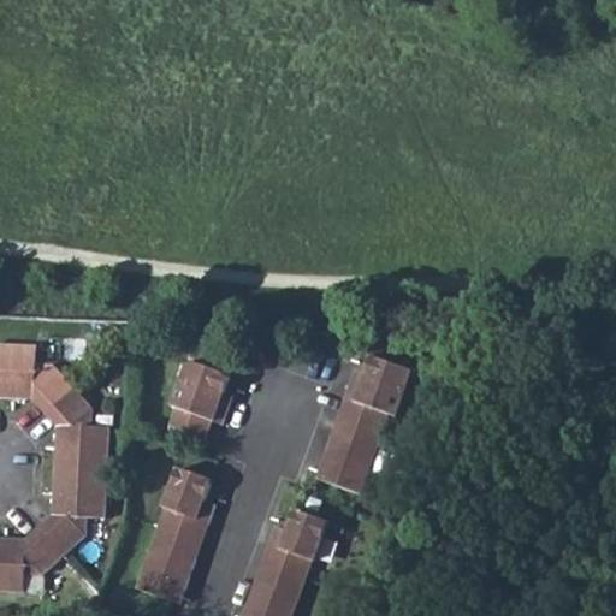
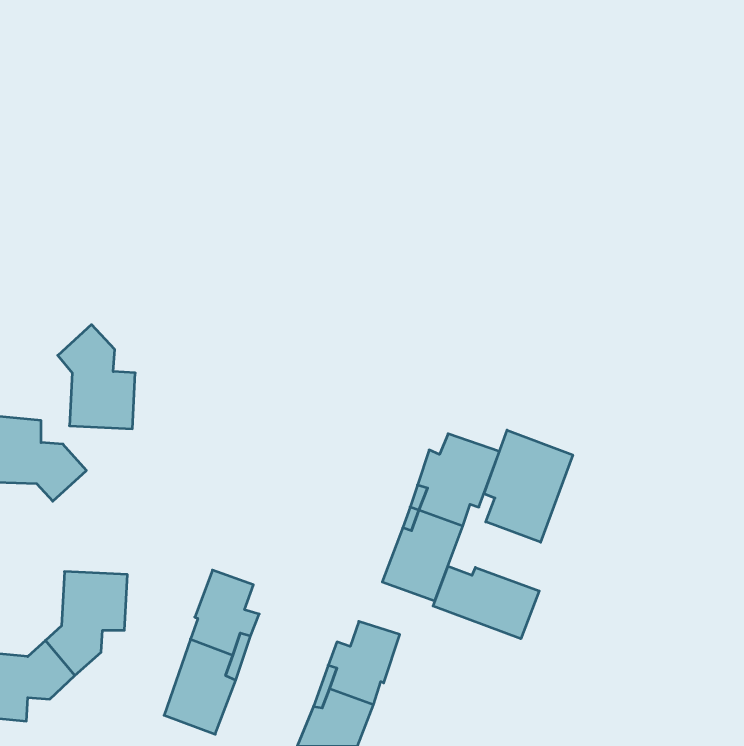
building: none -> [484,430,573,542]
building: [167,360,229,438] -> none
building: [43,386,107,472] -> [58,325,135,429]
building: none -> [433,566,539,639]

